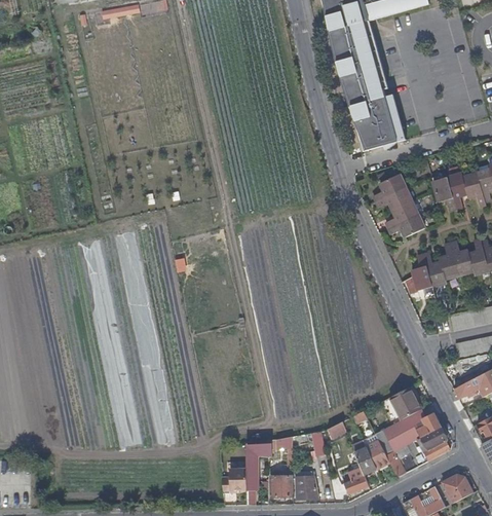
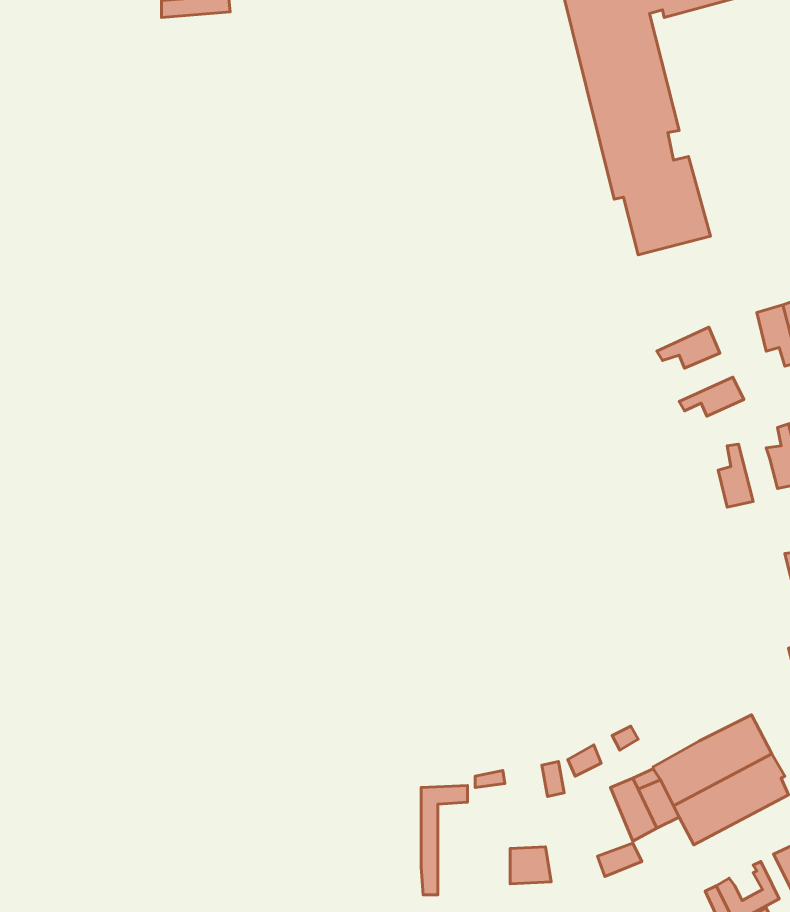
building: [374,176,406,202] -> none
building: [387,204,419,230] -> none
building: [422,252,445,286] -> none
building: [390,385,423,418] -> none
building: [222,467,247,490] -> none
building: [271,470,293,495] -> none

